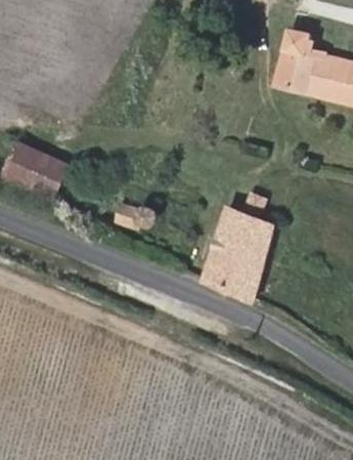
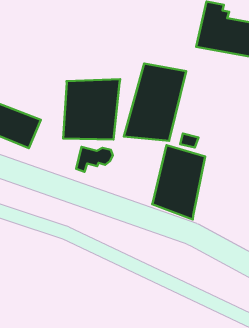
building: none -> [124,64,186,141]
building: none -> [63,79,120,139]

